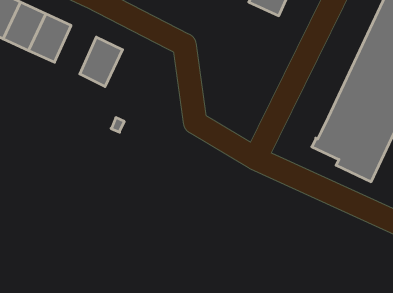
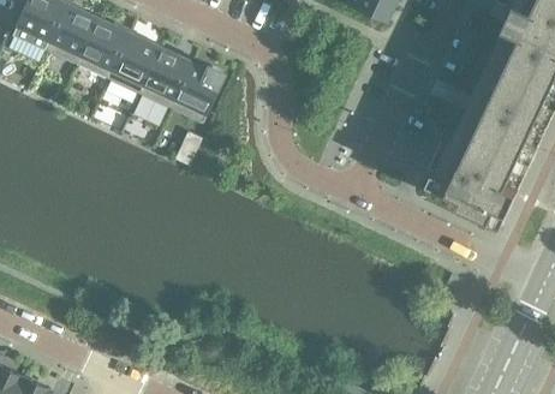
building: none -> [108,32,160,92]
building: none -> [171,62,226,123]

